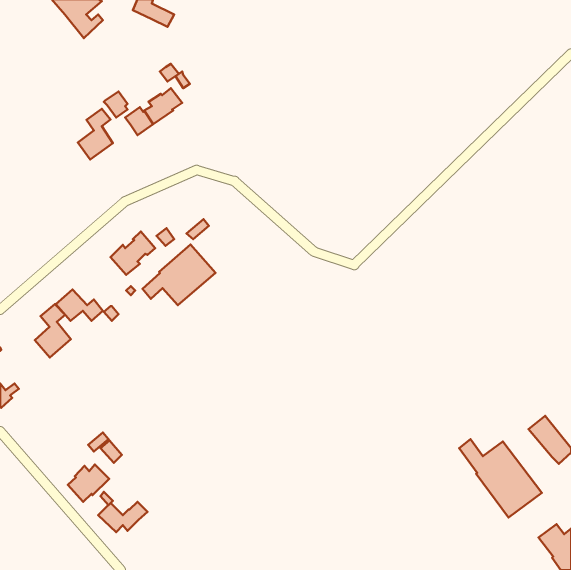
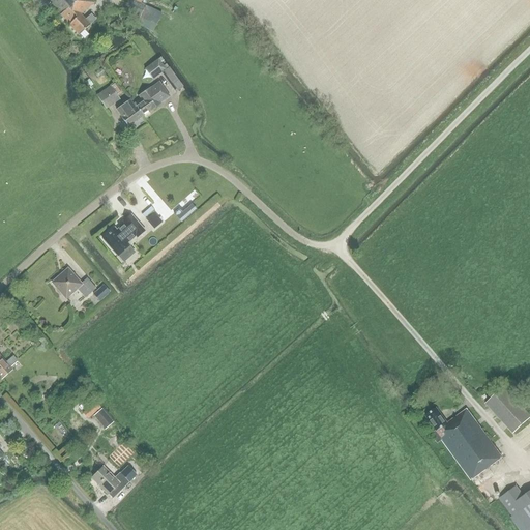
building: [78,109,113,160] -> none
building: [142,244,216,305] -> none
building: [35,304,71,357] -> none
building: [68,464,109,502] -> none

